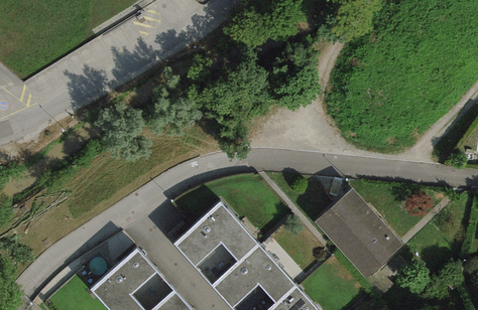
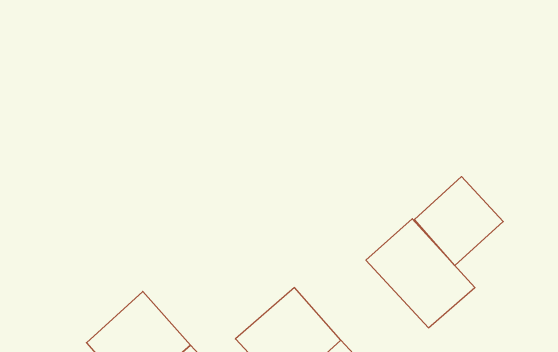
building: none -> [414,177,503,266]
building: [173,202,258,286] -> none

